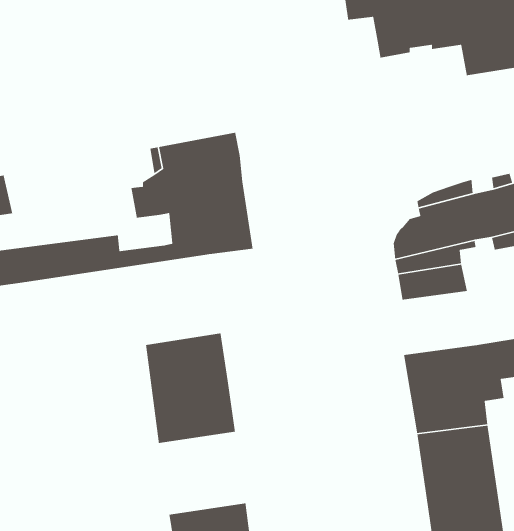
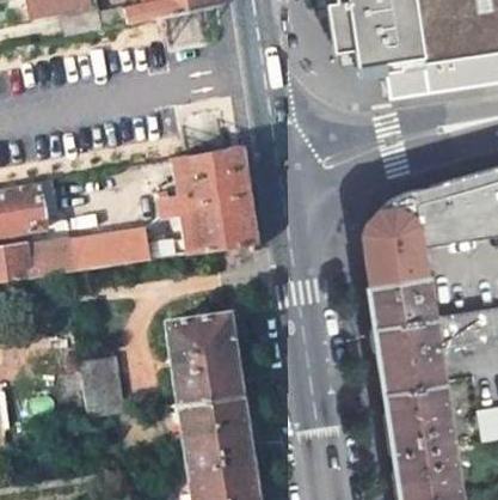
building: none -> [371,276,437,328]
building: none -> [82,354,124,414]
building: none -> [178,391,250,458]

